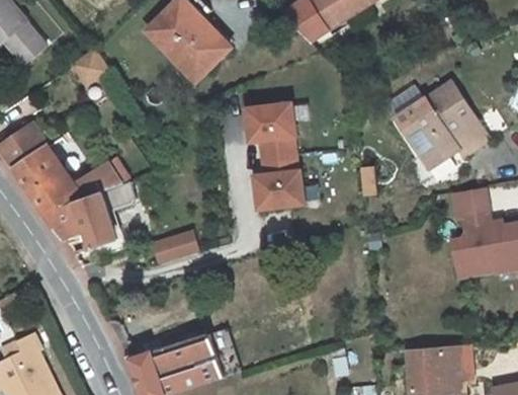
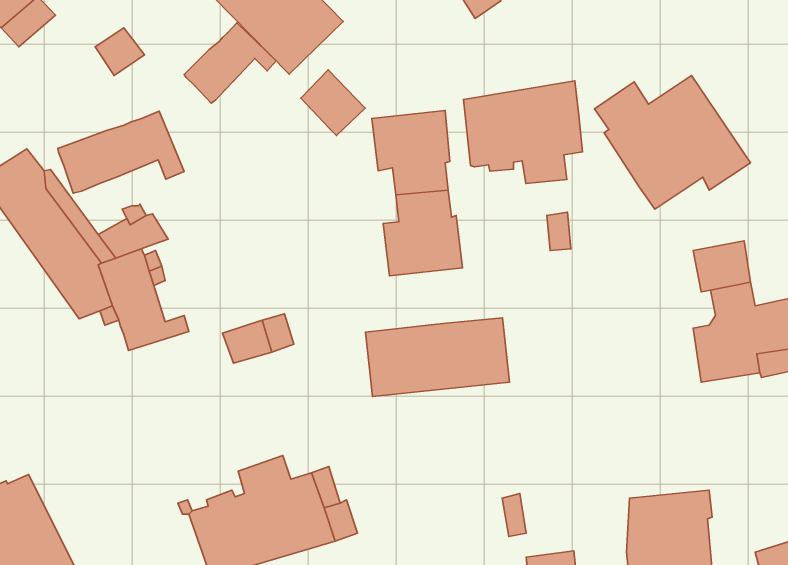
building: none -> [184,23,276,103]
building: none -> [301,70,365,135]
building: none -> [463,81,583,184]
building: none -> [58,111,184,193]
building: none -> [365,318,509,396]

